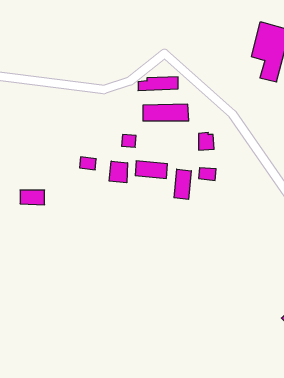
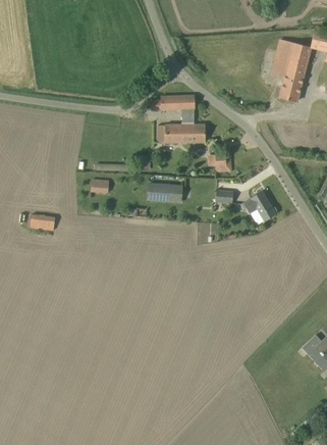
building: [109,161,127,183] -> none
building: none -> [243,191,276,221]
building: [174,169,191,199] -> none

